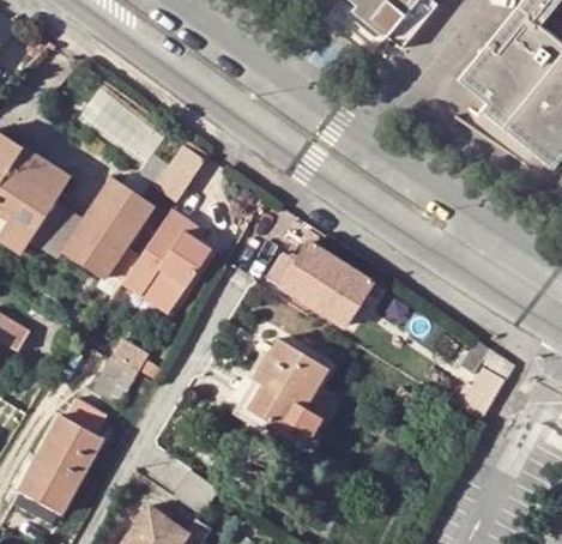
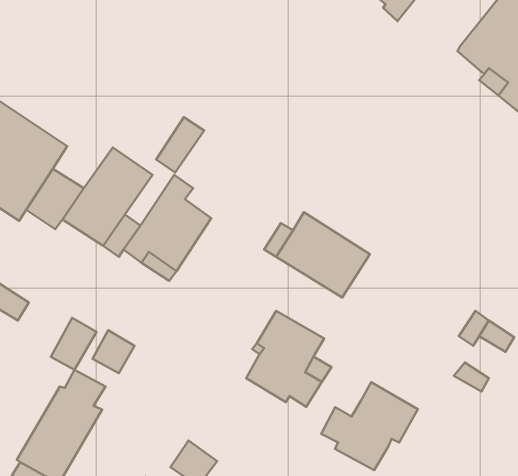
building: none -> [51,318,96,370]
building: none -> [321,382,418,470]

